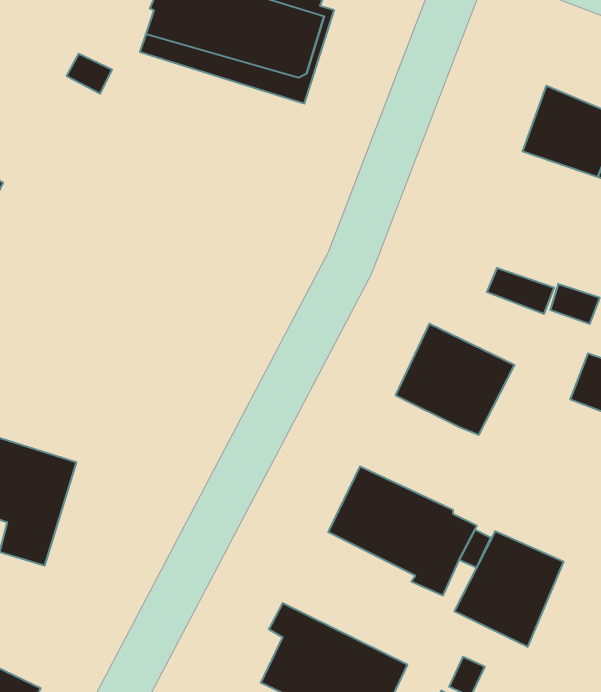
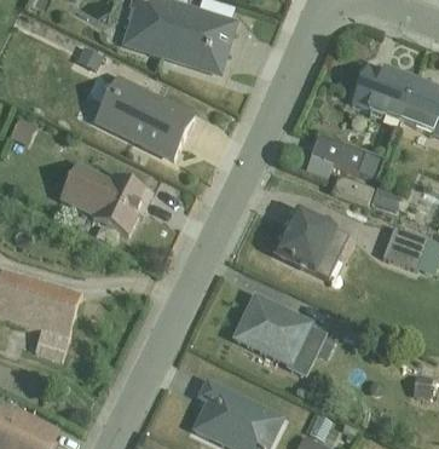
building: none -> [96,76,195,157]
building: none -> [306,133,383,178]
building: none -> [59,161,154,234]
building: [455,531,563,647] -> none

